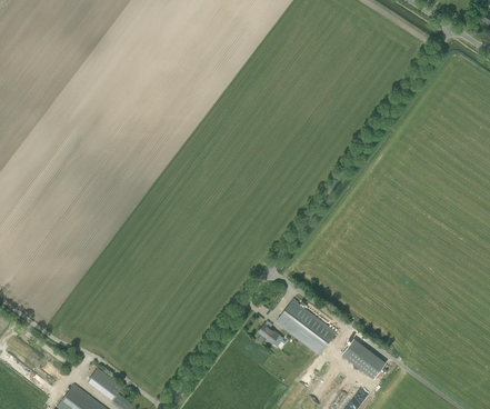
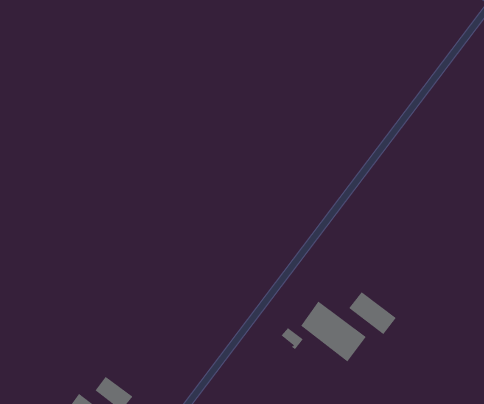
building: [341,338,386,378] -> [348,291,397,335]

